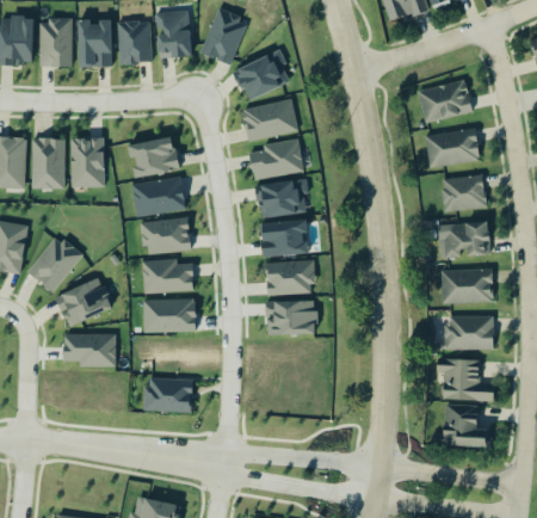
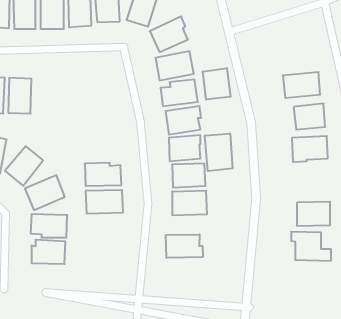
building: [418,80,471,122] -> none
building: none -> [203,68,230,100]
building: [70,137,104,187] -> none
building: [126,137,178,175] -> none
building: [132,178,185,215] -> none
building: none -> [205,133,233,171]
building: [142,217,190,253] -> none
building: [440,269,493,303] -> none
building: none -> [166,234,203,258]
building: [143,377,192,412] -> [31,240,65,264]
building: [432,403,492,446] -> none

